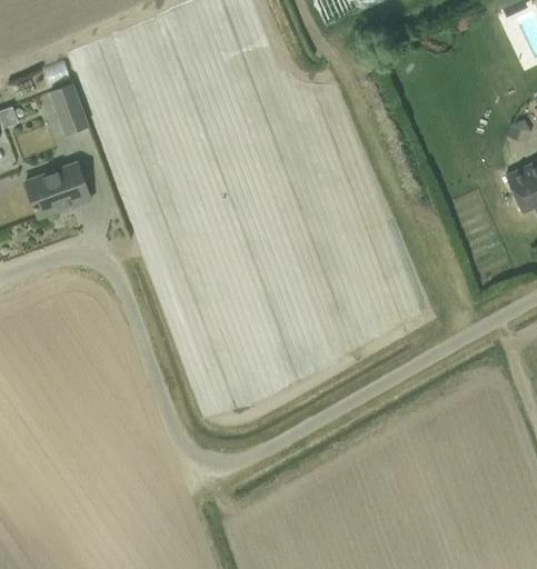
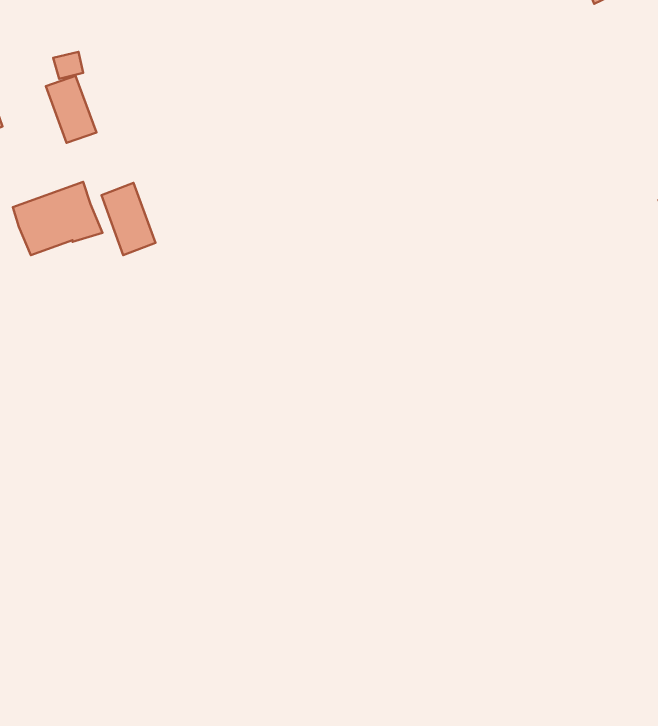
building: none -> [101,183,155,255]

